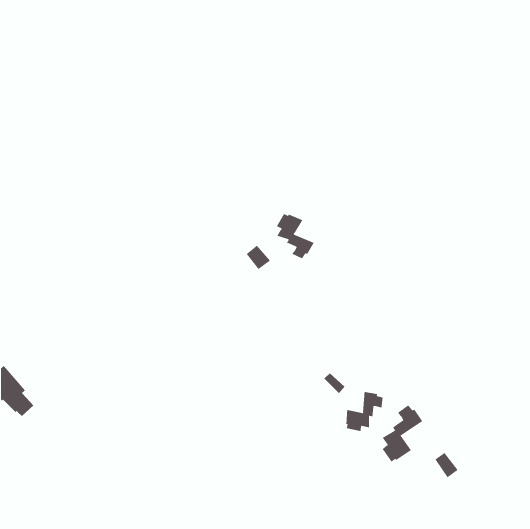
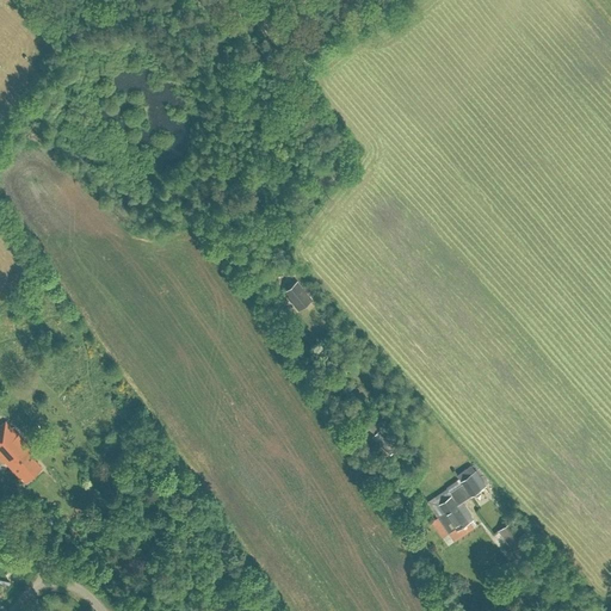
building: [276,213,315,259] -> none
building: [346,391,383,432] -> none

